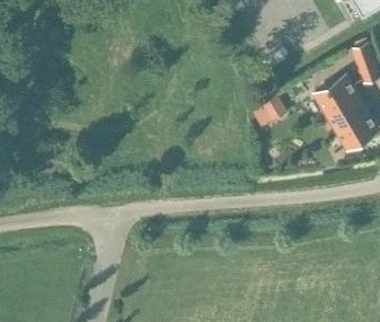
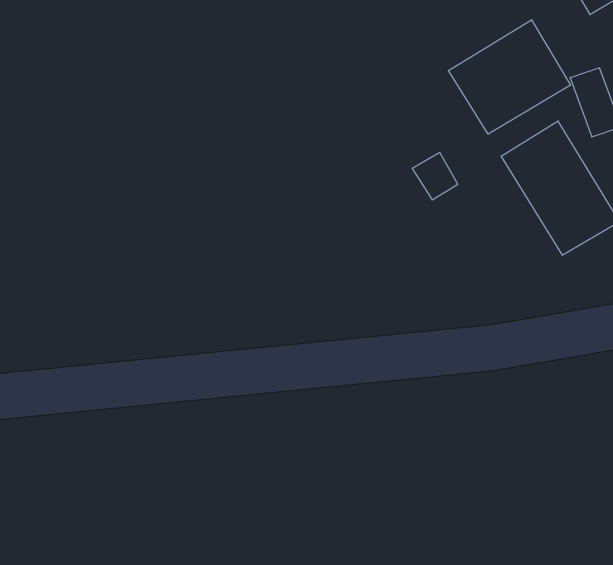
building: none -> [448,20,571,134]

